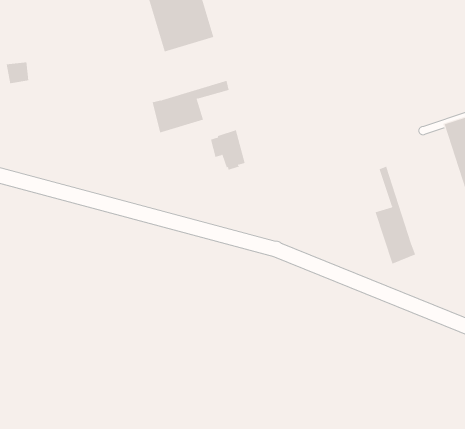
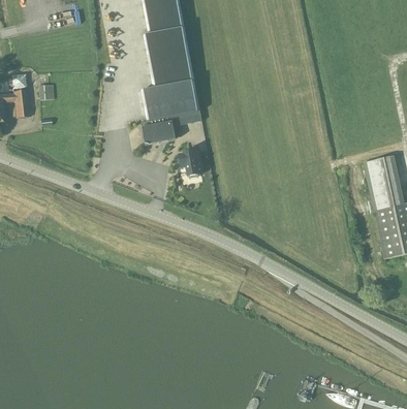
building: none -> [144,78,197,120]
building: [375,166,416,265] -> none

